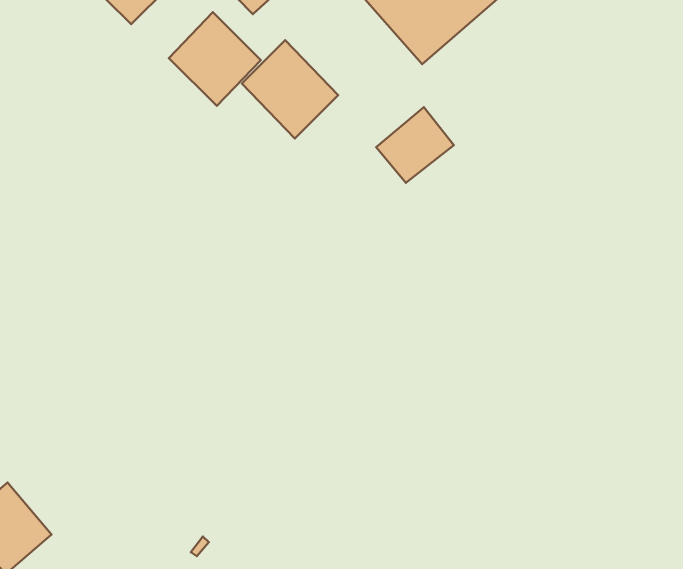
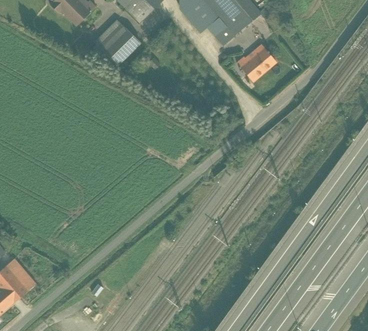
building: [242,40,338,138] -> none
building: [376,107,454,183] -> [237,43,276,81]

